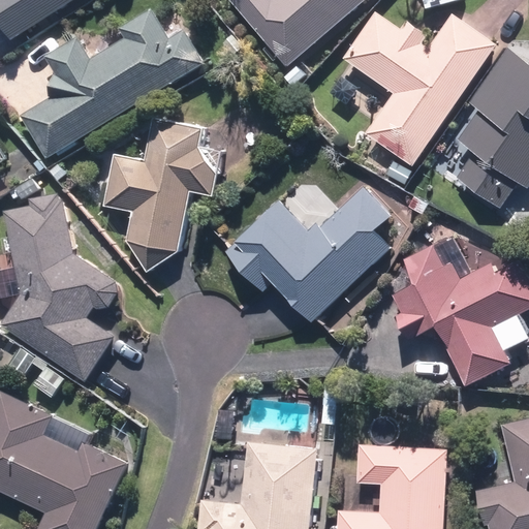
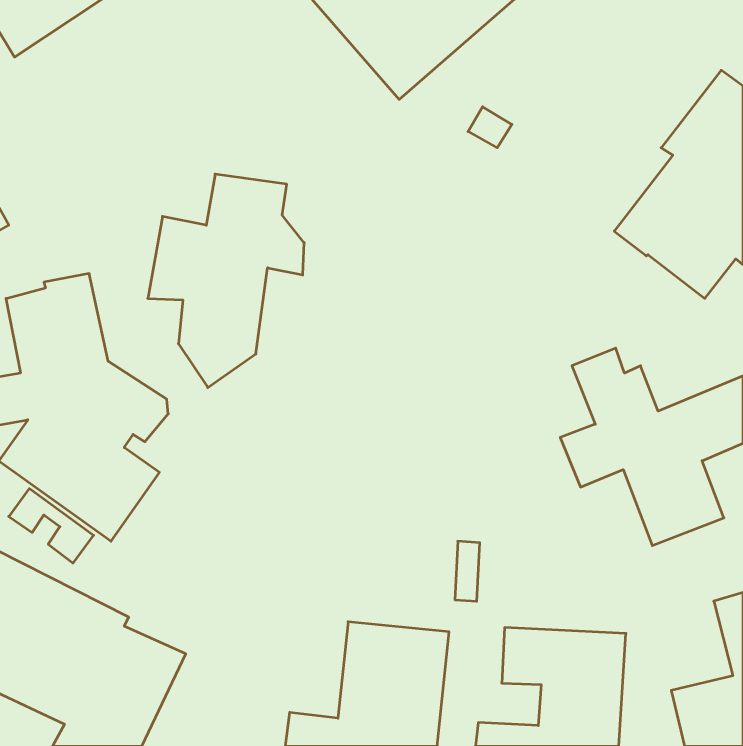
building: [22,8,204,156] -> none
building: [343,12,496,166] -> none
building: [220,179,405,325] -> none

